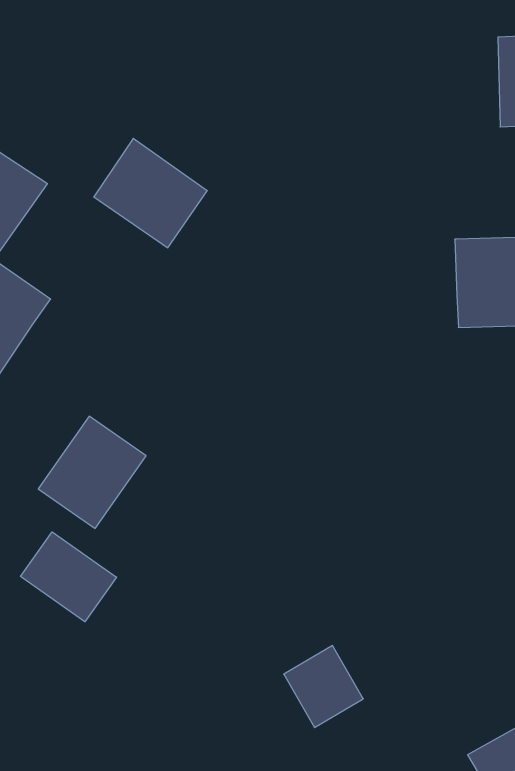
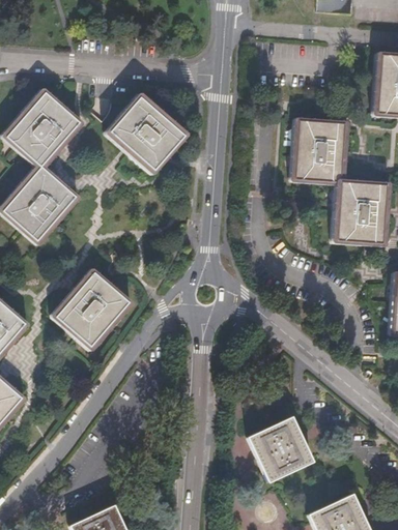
building: none -> [293,120,343,182]
building: [21,532,117,622] -> none
building: [284,645,363,728] -> [253,422,303,474]

